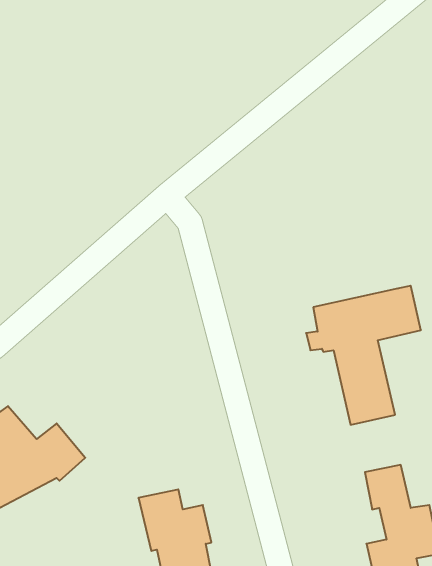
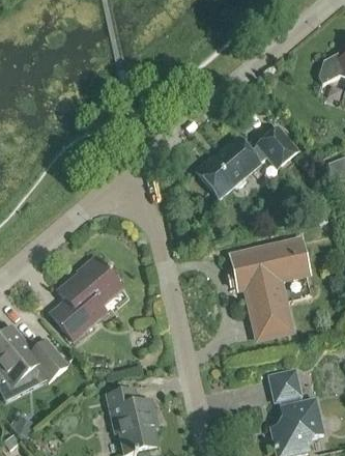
building: none -> [196,125,297,197]
building: none -> [51,255,121,339]

